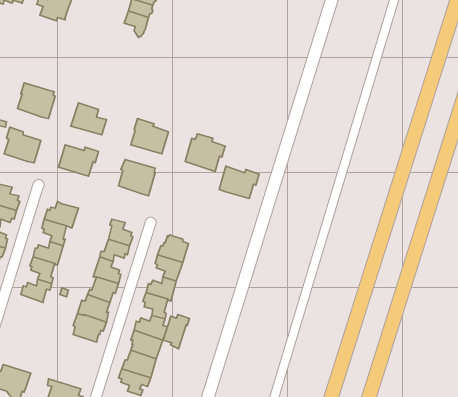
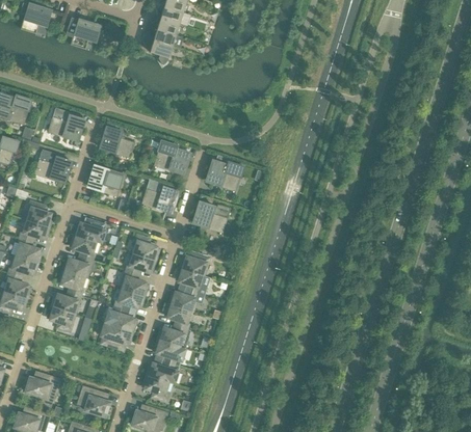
building: [219,166,259,198] -> [192,200,230,231]
building: none -> [49,305,75,332]
building: [163,314,189,349] -> none

